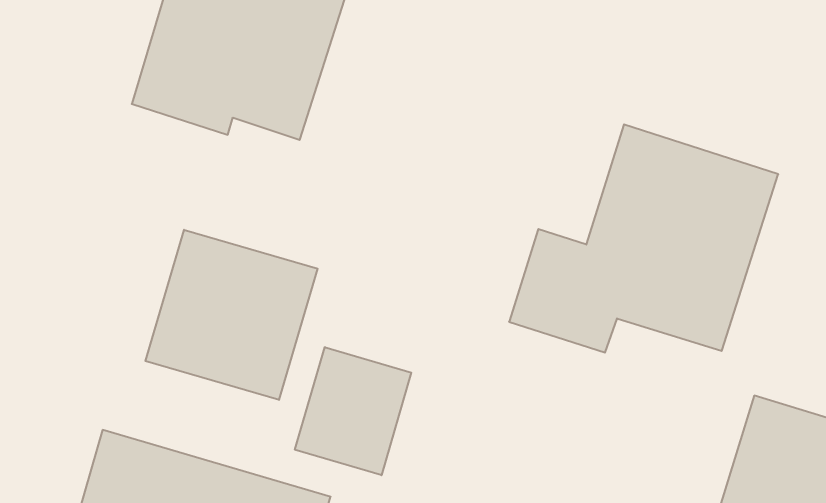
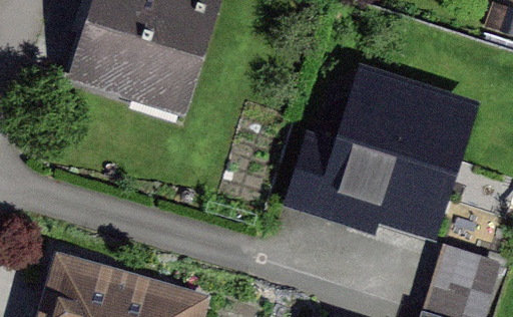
building: [145,230,318,400] -> none
building: [295,347,411,475] -> none

